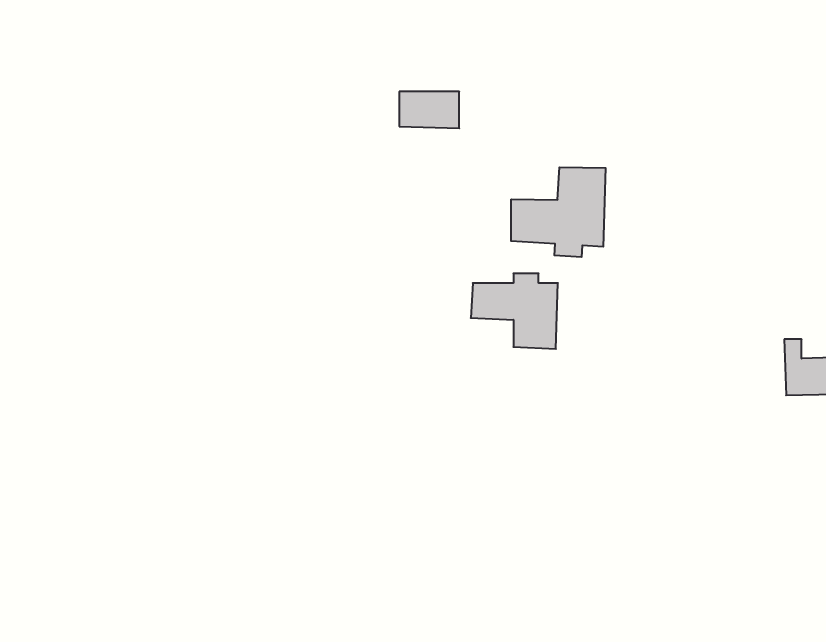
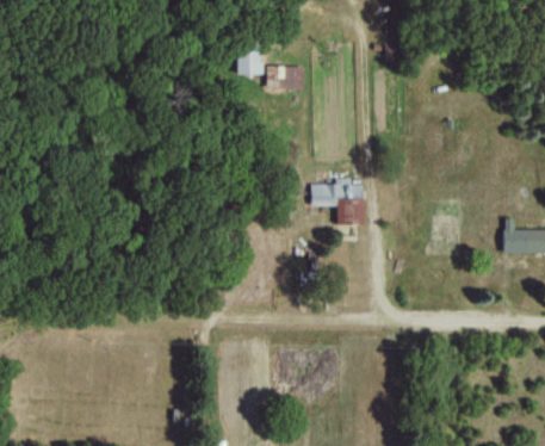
building: none -> [237,49,262,75]
building: [511,167,606,257] -> none

